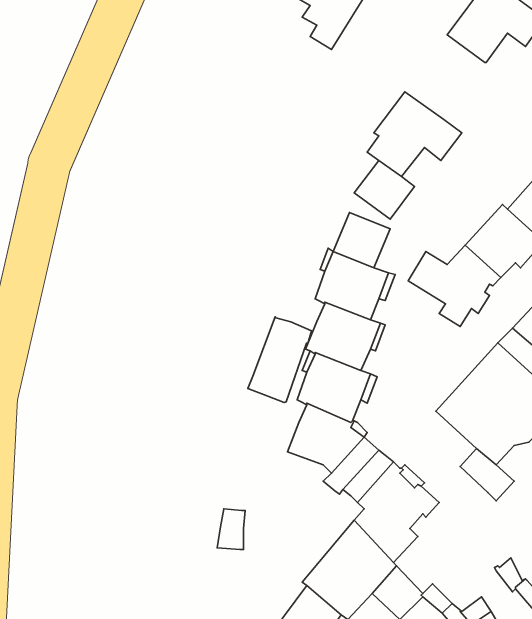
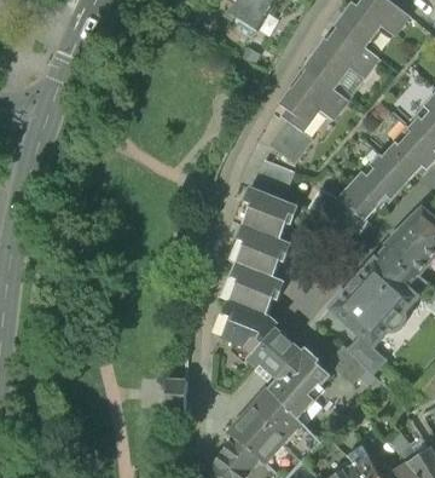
building: none -> [307,27,381,90]
building: [248,317,312,402] -> none
building: none -> [329,342,369,384]

